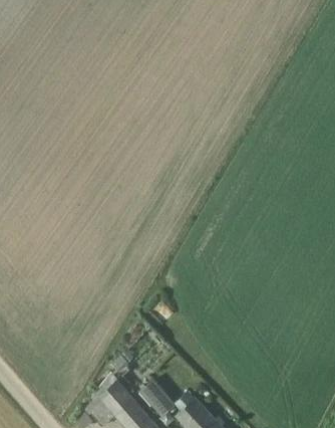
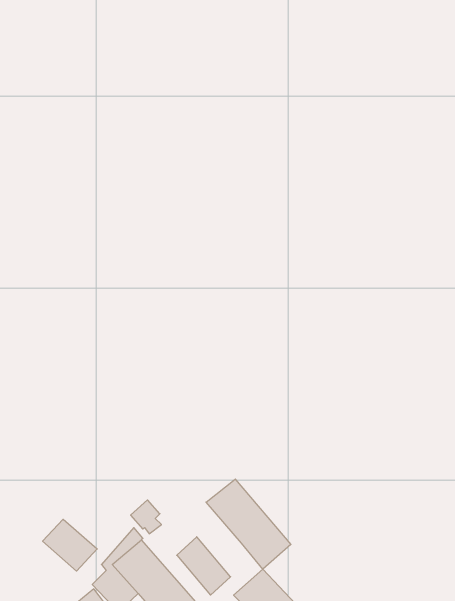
building: none -> [206,479,291,569]
building: none -> [43,519,97,571]

